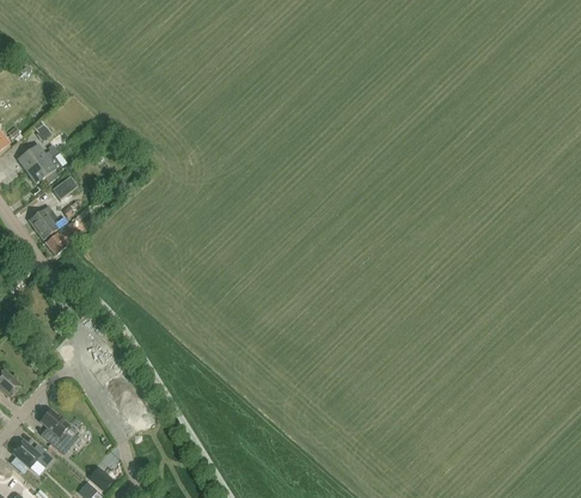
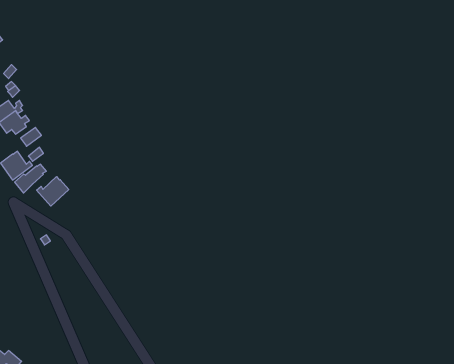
building: none -> [37,177,69,206]
building: [39,410,79,454] -> none

